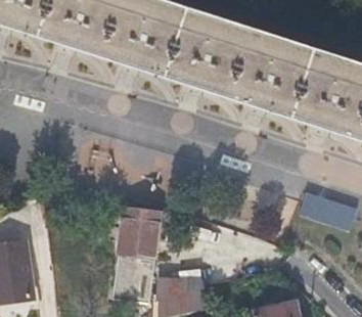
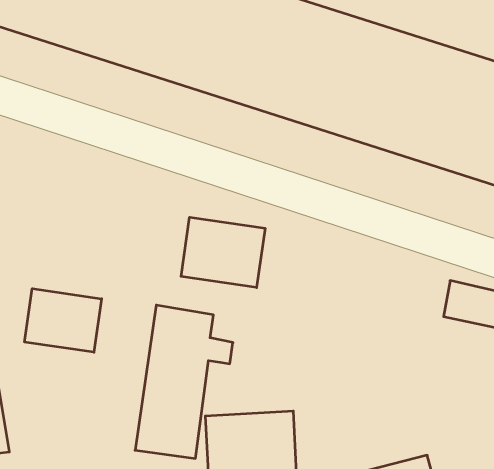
building: none -> [181,217,265,288]
building: none -> [25,289,102,352]

